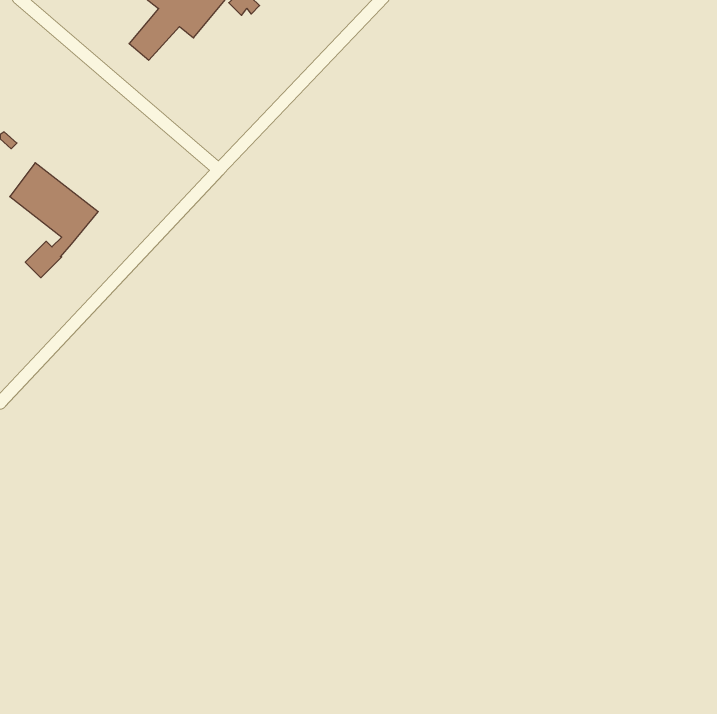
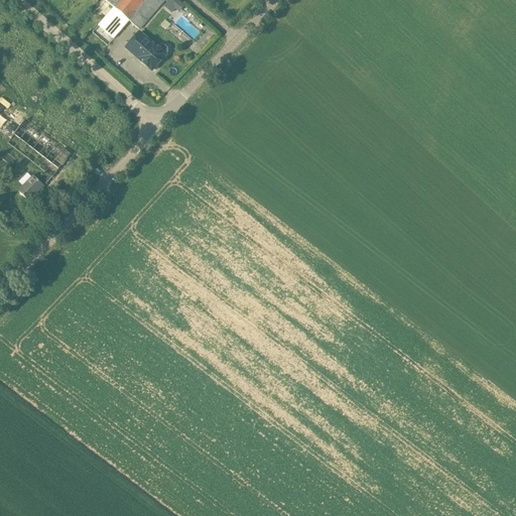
building: none -> [126,31,168,69]

